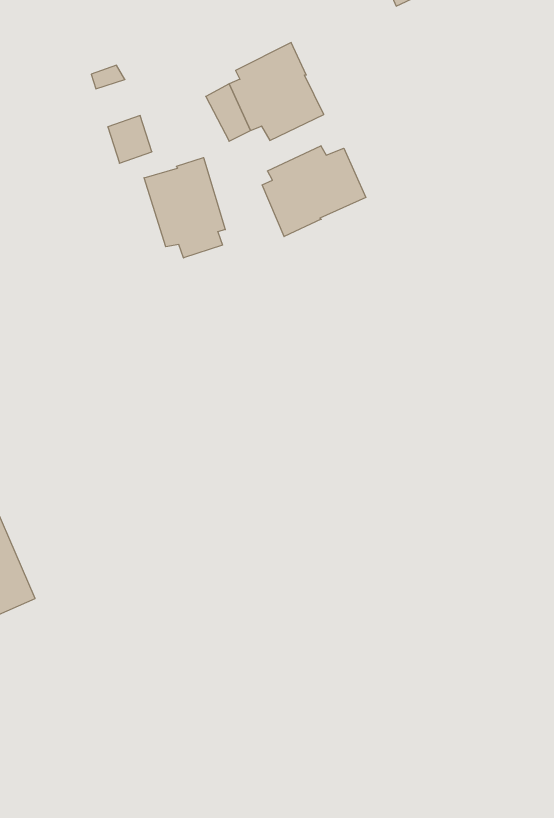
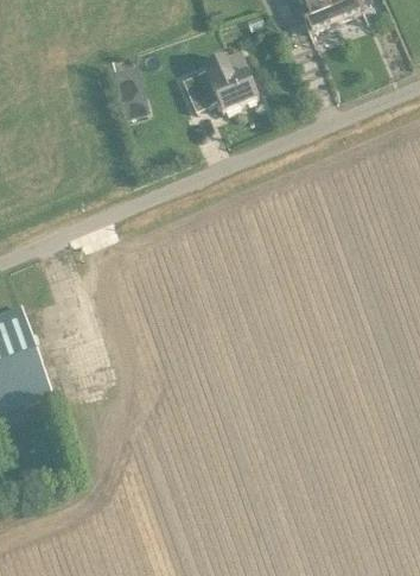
building: [262,146,366,237] -> none
building: [144,158,225,258] -> none

